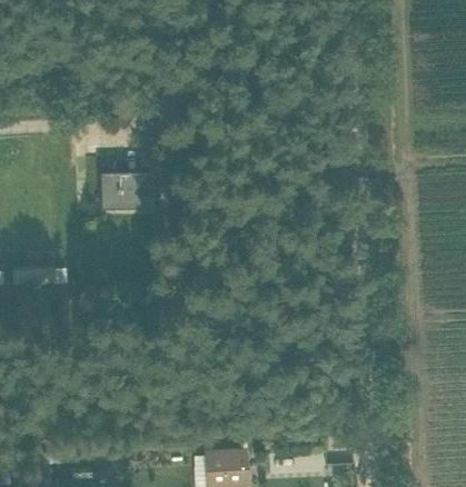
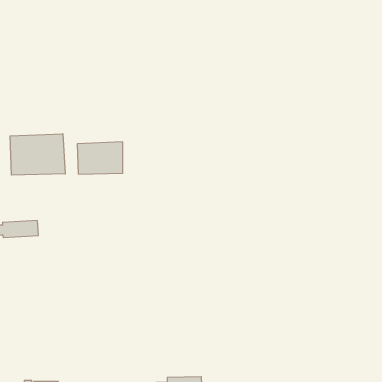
building: none -> [10,134,65,175]

